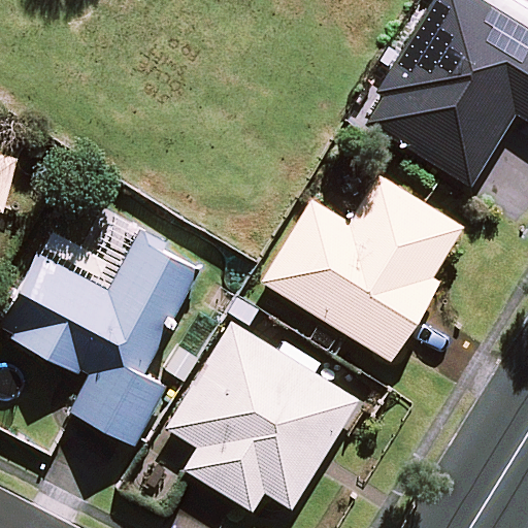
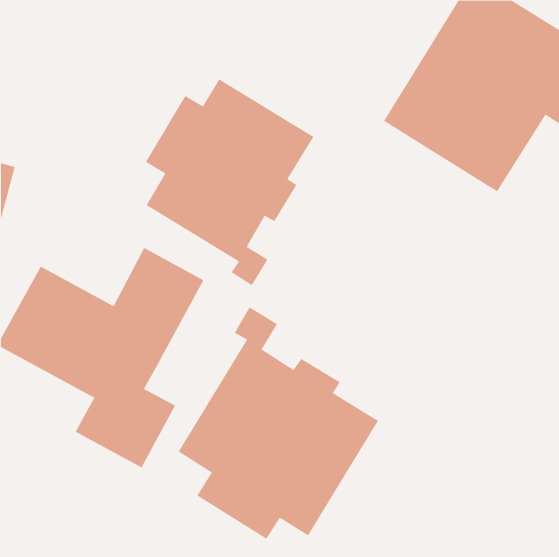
building: none -> [145,79,314,286]
building: [264,178,467,359] -> none

